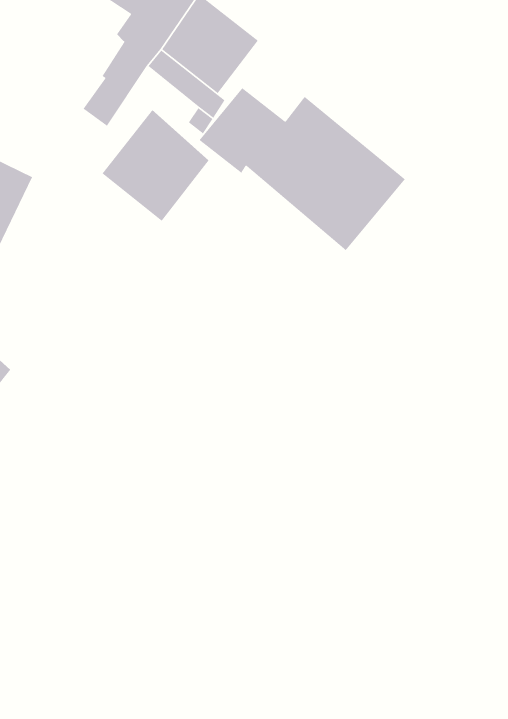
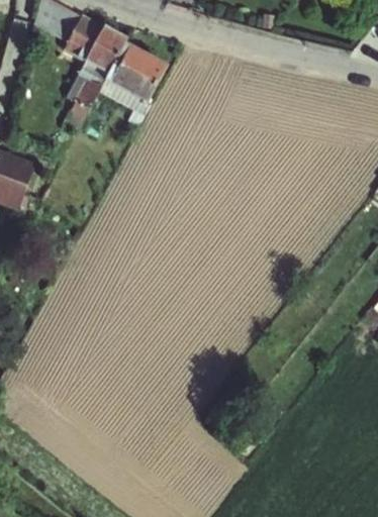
building: [198,87,406,251] -> none
building: [102,109,210,222] -> none

